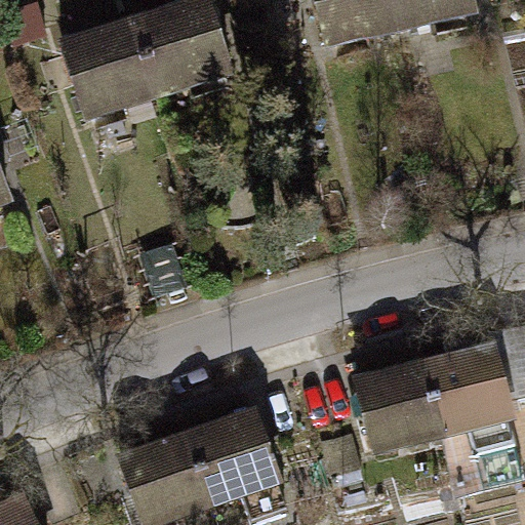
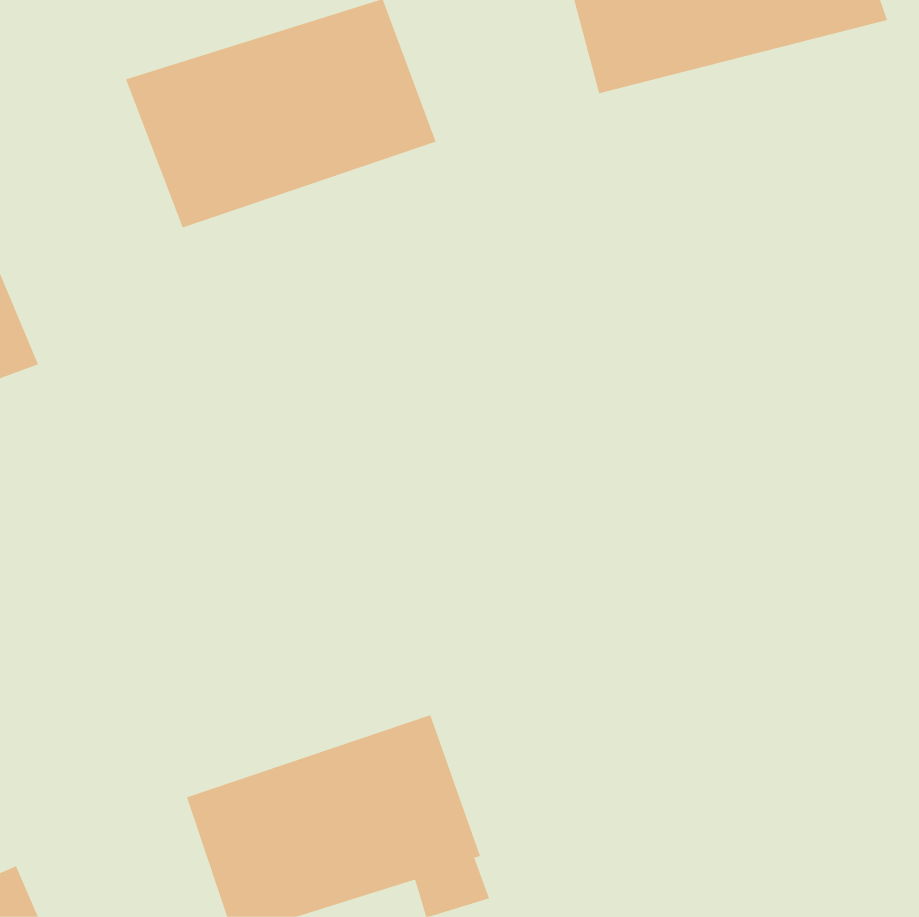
building: [339,331,502,447] -> none

